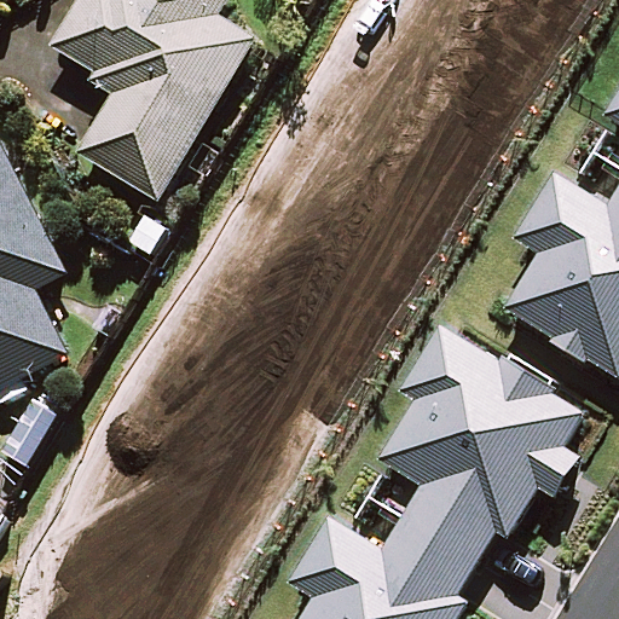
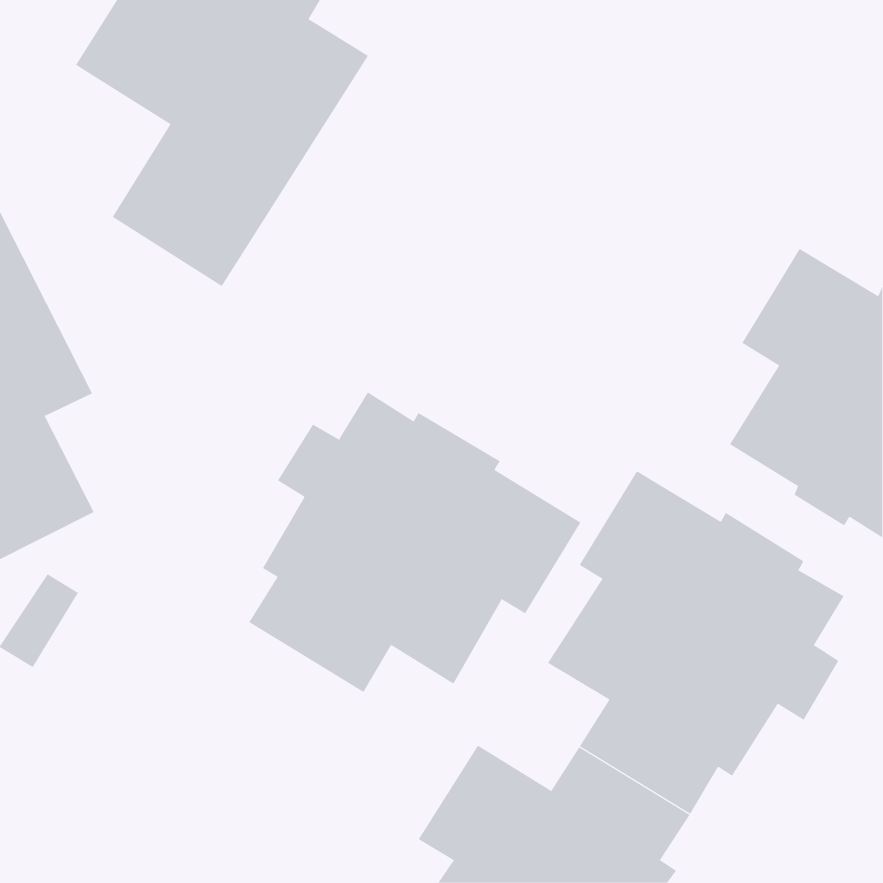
building: none -> [248,391,581,693]

